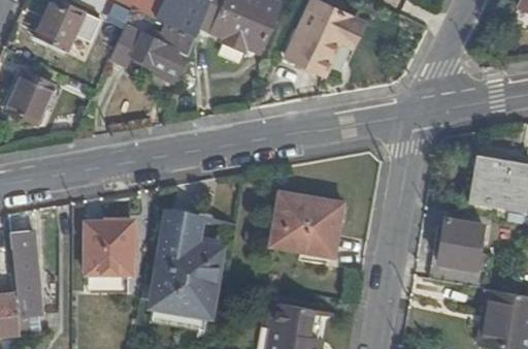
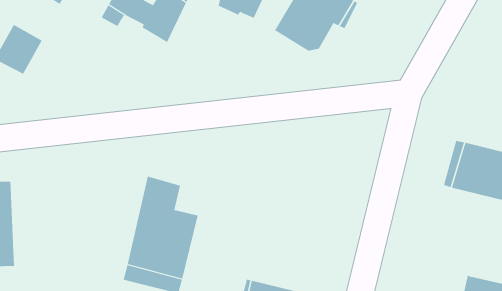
building: [272,191,342,255] -> none
building: [436,218,492,288] -> none
building: [85,219,132,272] -> none

